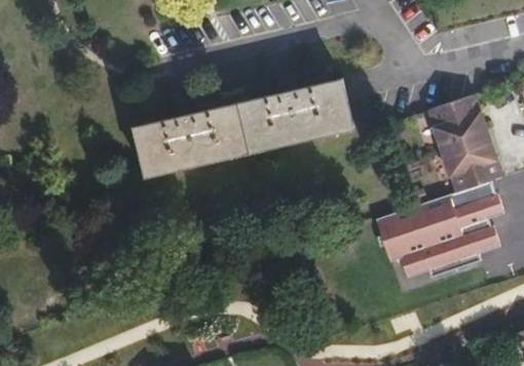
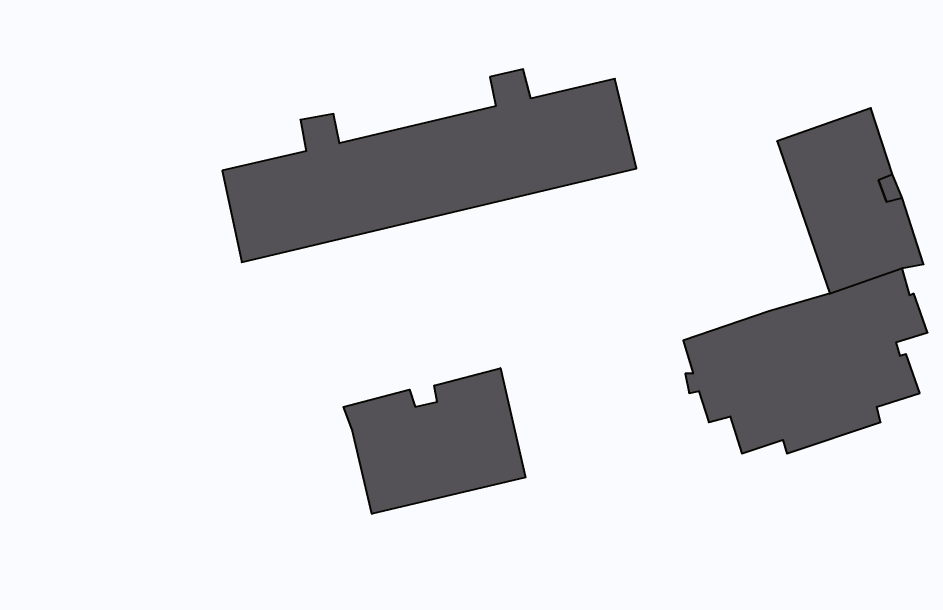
building: none -> [343,368,526,514]

